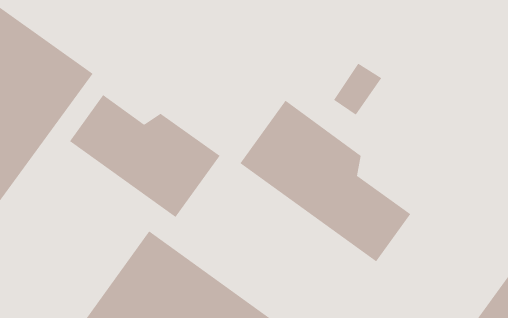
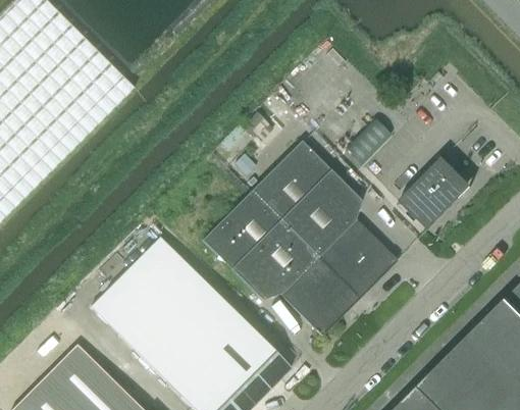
building: none -> [399,156,471,228]
building: [69,94,221,218] -> none
building: none -> [201,190,359,336]

